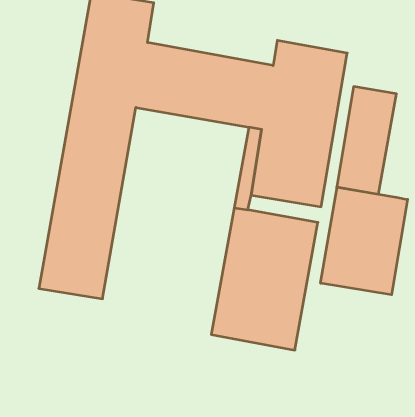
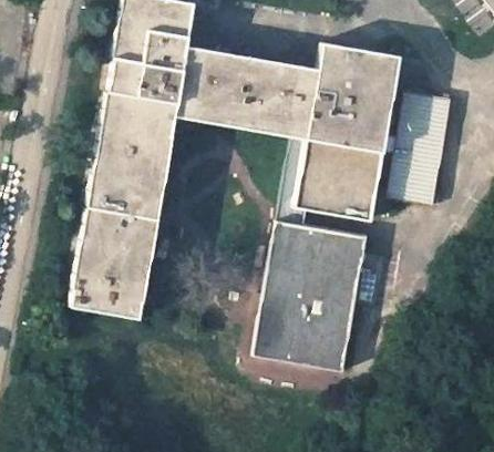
building: [321,187,408,295] -> none

